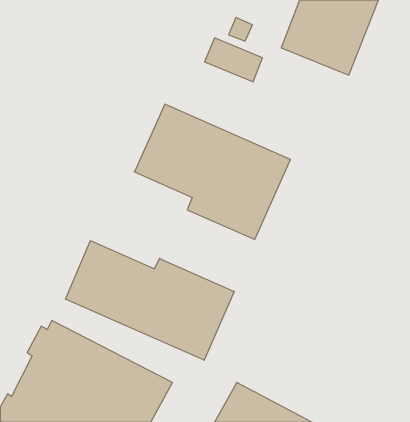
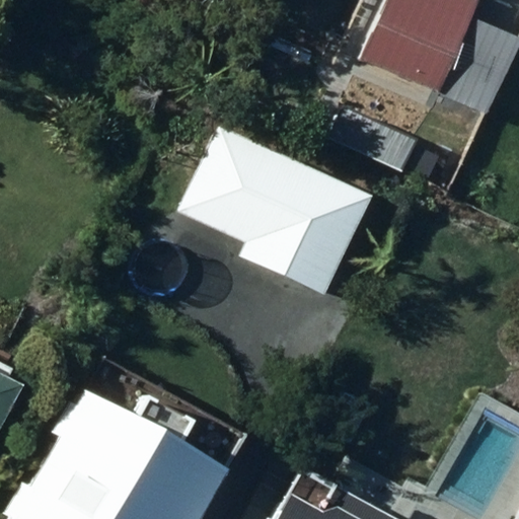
building: [66,241,234,360] -> none

